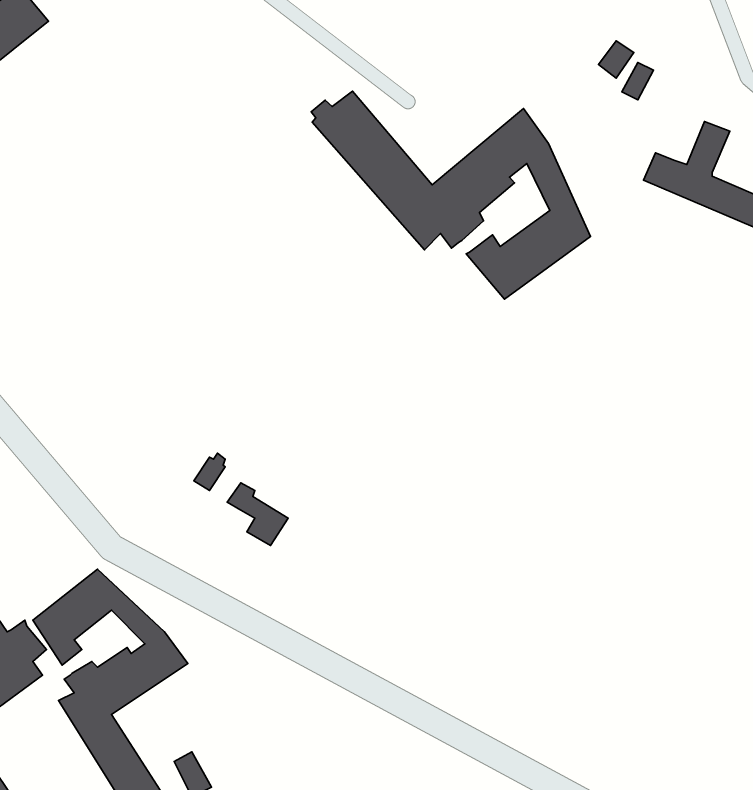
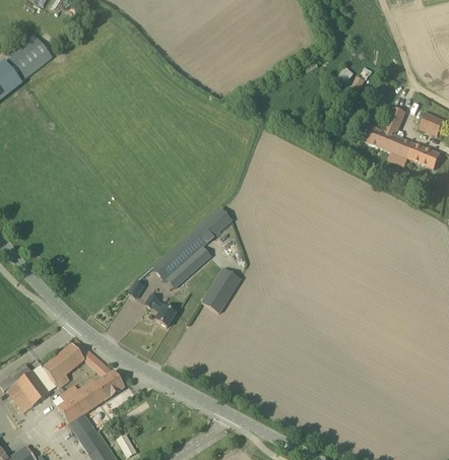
building: [311,91,590,299] -> none
building: none -> [151,206,232,289]
building: none -> [200,267,241,313]

